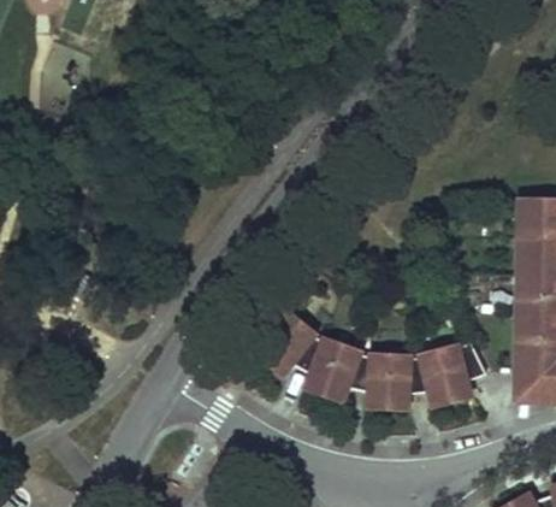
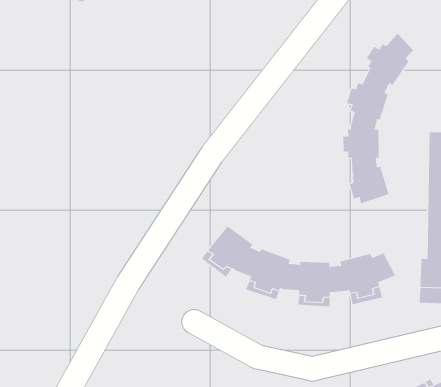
building: none -> [343,33,414,204]

